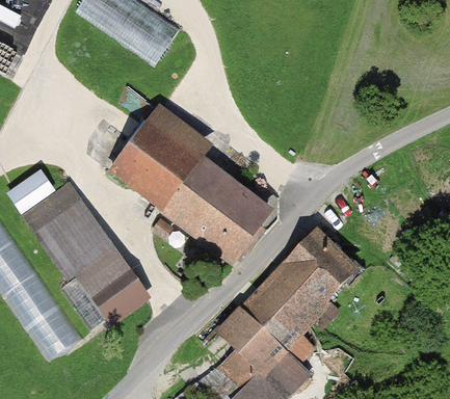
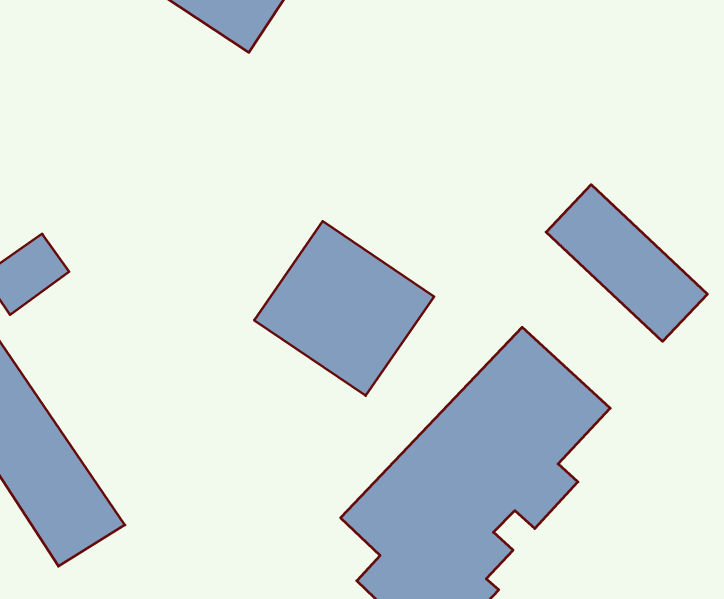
building: [115,107,210,202] -> none
building: none -> [546,185,707,341]
building: [30,190,150,329] -> none

